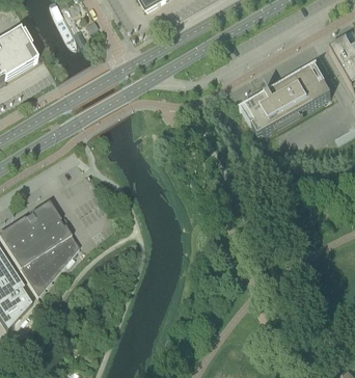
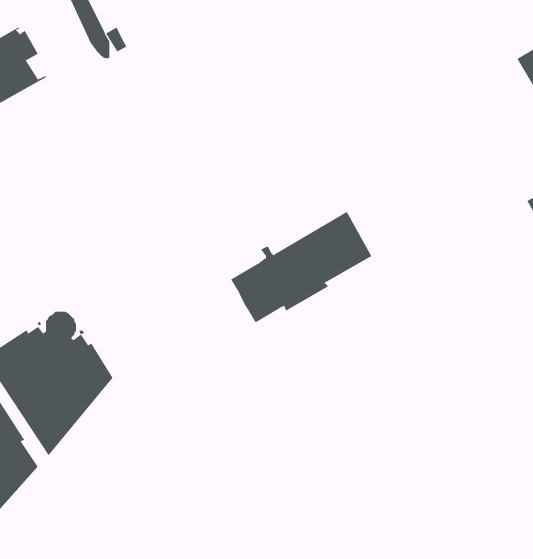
building: [242,66,330,136] -> [230,211,372,323]

